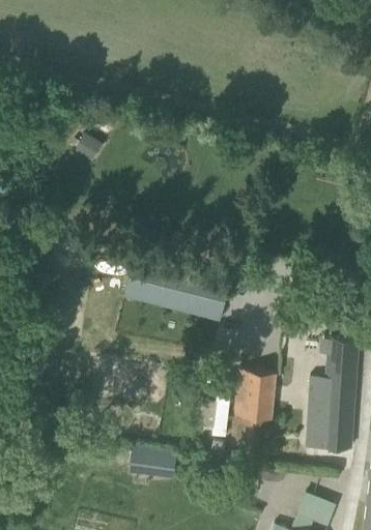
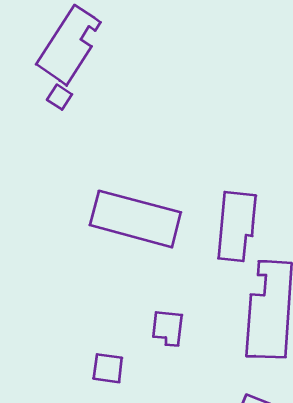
building: none -> [36,5,101,86]
building: [231,370,275,449] -> [218,192,256,261]

